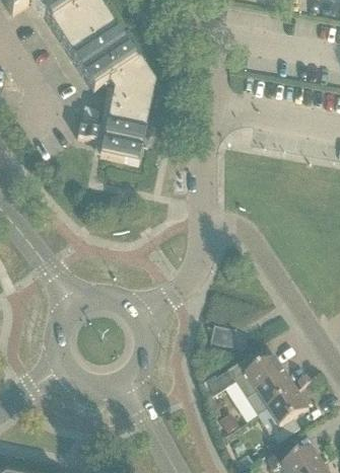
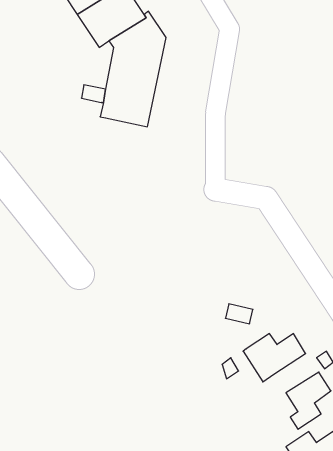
building: [248,371,298,413] -> none

